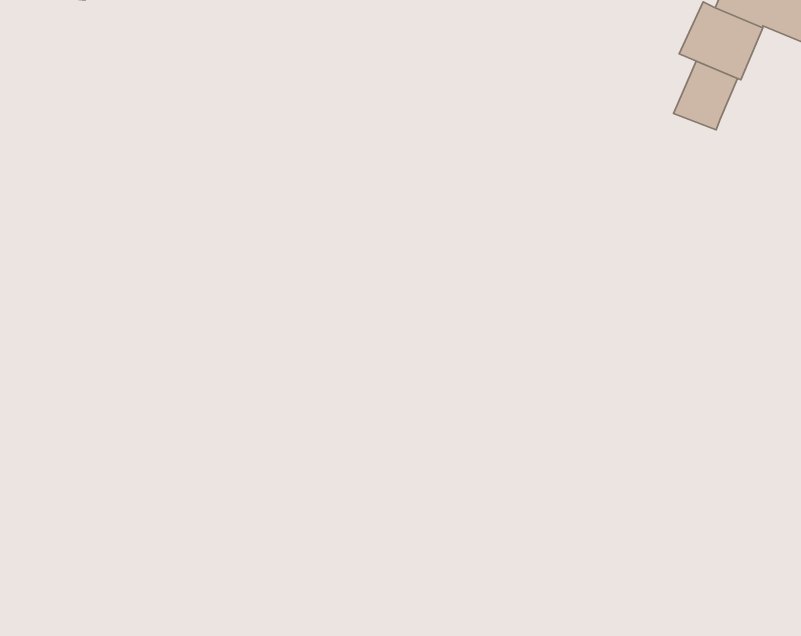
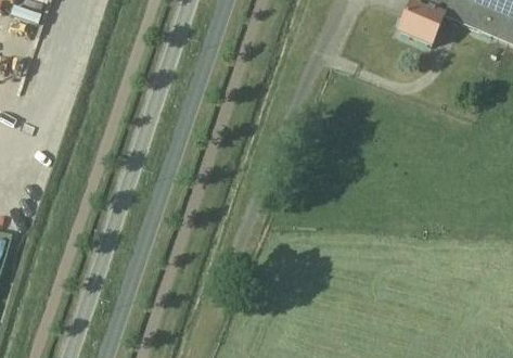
building: [674,61,738,130] -> none

